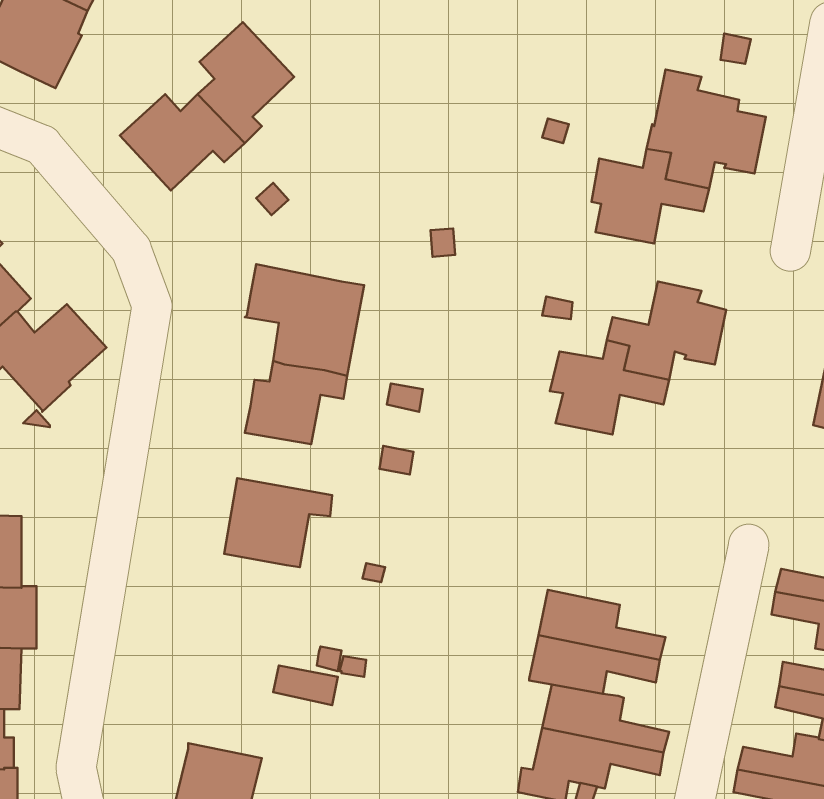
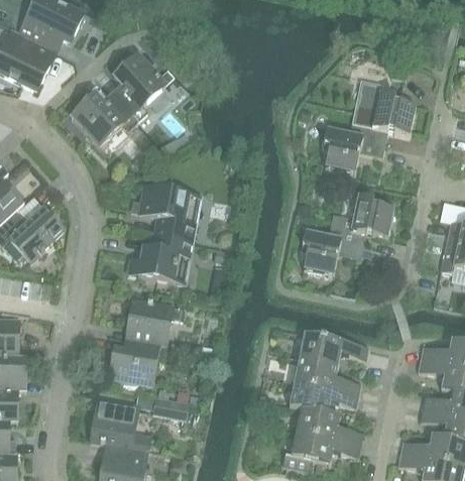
building: none -> [300,333,369,365]
building: none -> [110,338,160,383]
building: none -> [92,396,149,447]

